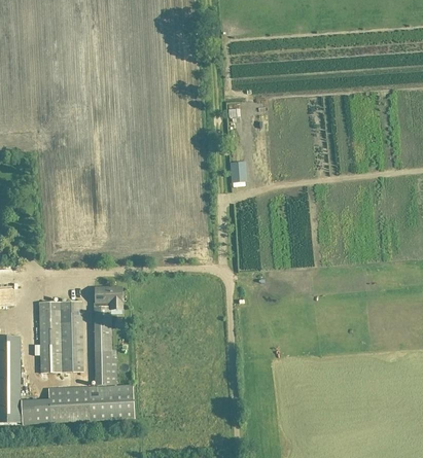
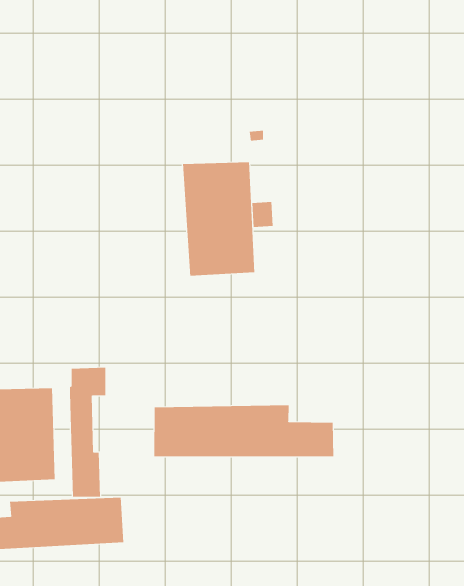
building: none -> [182,162,255,276]
building: none -> [154,405,334,457]

